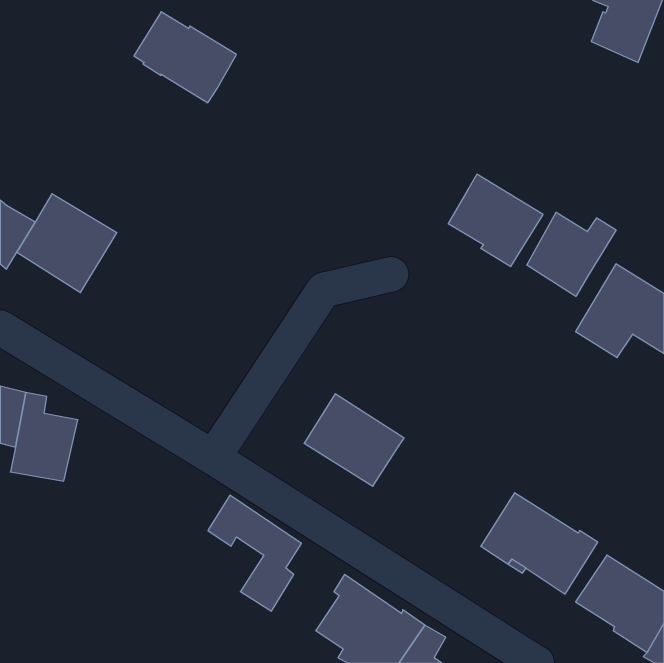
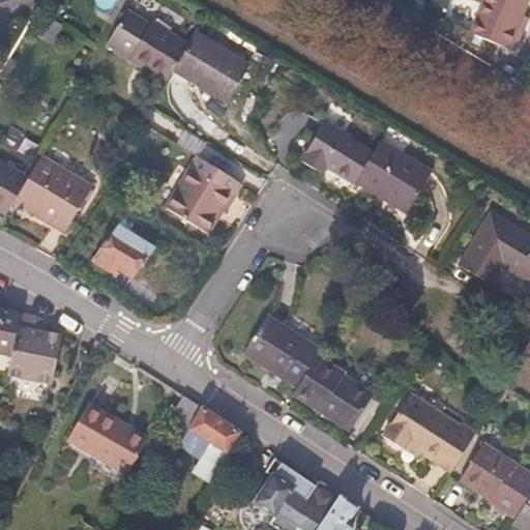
building: none -> [173,31,251,102]
building: none -> [300,121,373,183]
building: none -> [165,155,242,233]
building: [527,212,616,296] -> none
building: none -> [94,213,153,277]
building: none -> [293,355,375,431]
building: none -> [61,403,149,483]

